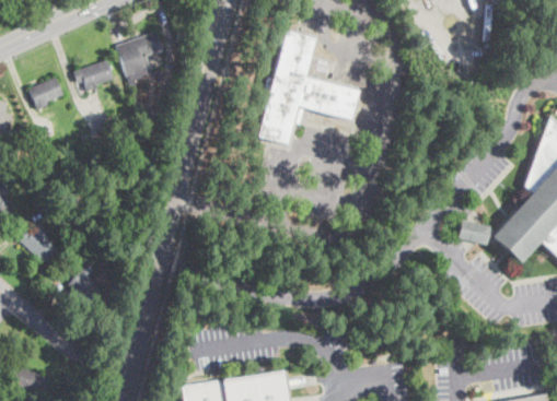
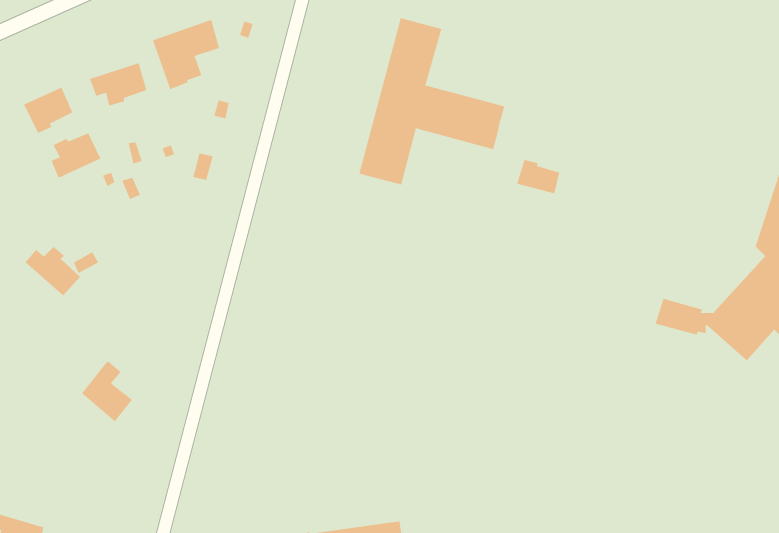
building: none -> [51,132,101,179]
building: none -> [516,159,560,194]
building: [19,227,57,261] -> [24,246,81,296]

